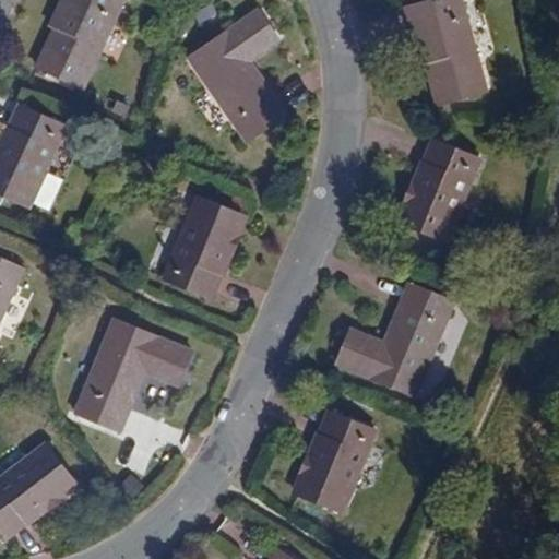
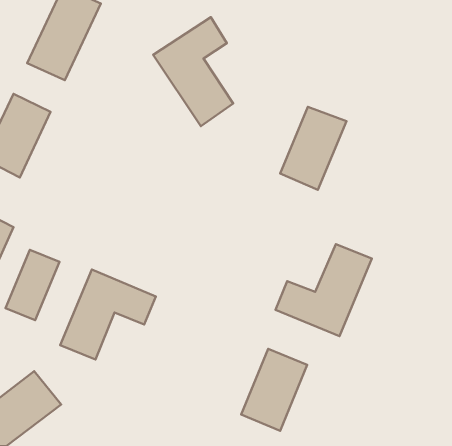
building: [408,7,484,118] -> none
building: [396,154,477,254] -> [280,107,347,190]
building: [163,203,245,305] -> none
building: none -> [6,250,60,320]

